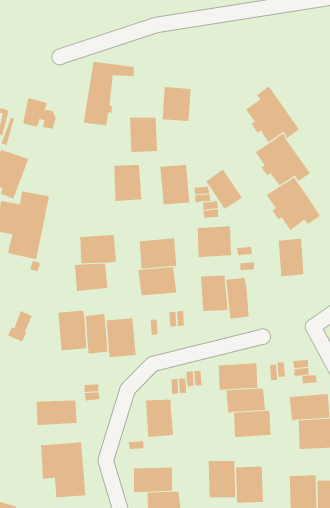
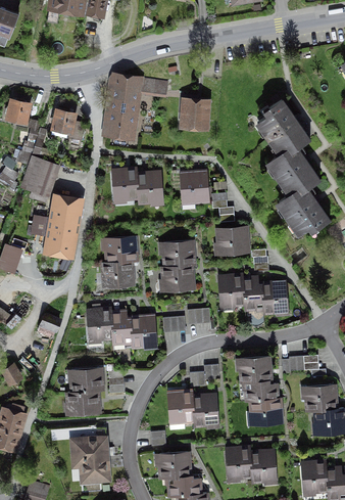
building: [129,117,158,152] -> [111,170,138,202]
building: [205,169,243,210] -> none
building: [278,238,304,277] -> [261,283,286,319]
building: none -> [67,369,104,393]
building: none -> [191,397,216,429]

